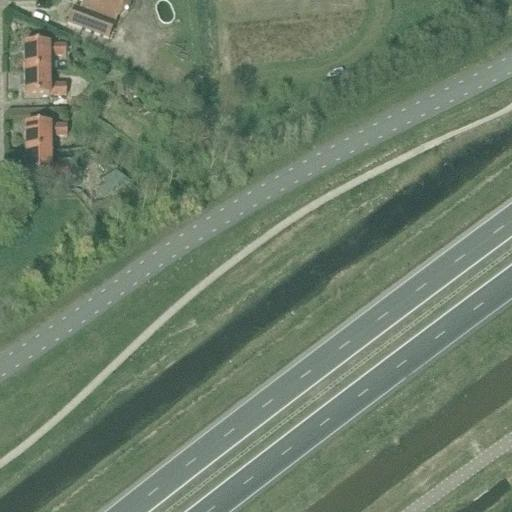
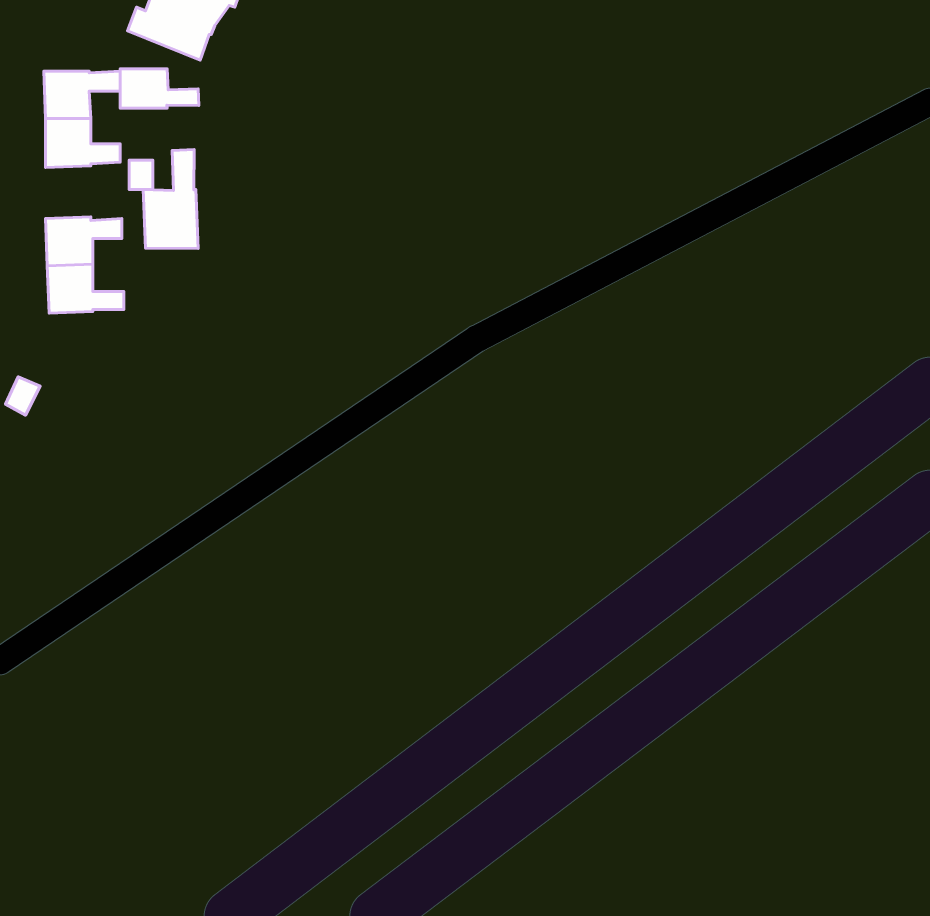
building: none -> [120,69,199,108]
building: none -> [143,150,198,249]

